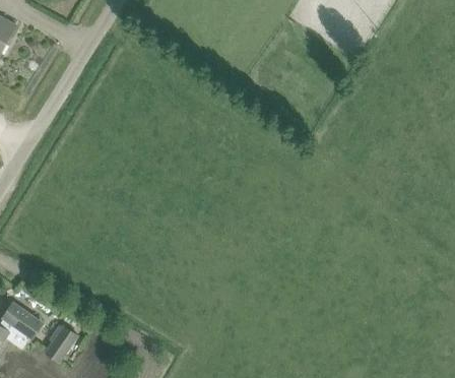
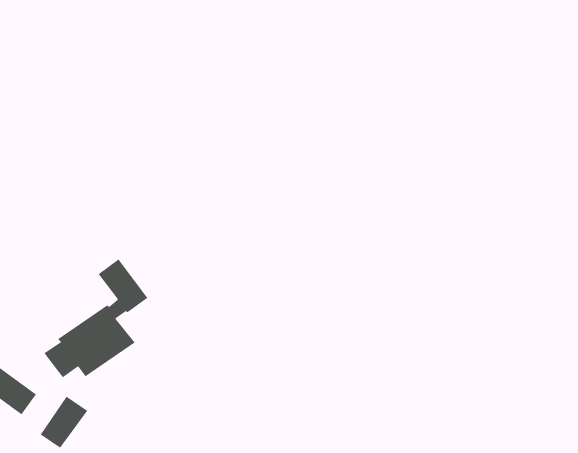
building: none -> [43,259,148,378]

